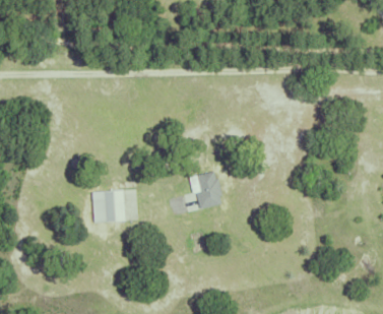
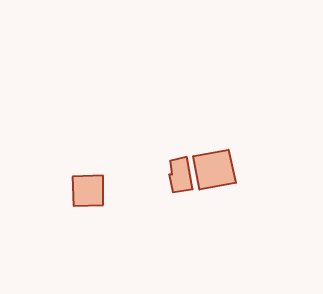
building: none -> [193,150,236,190]

